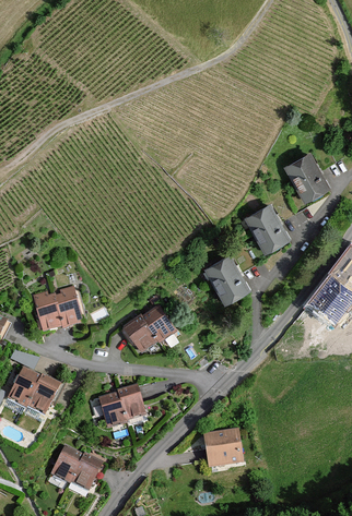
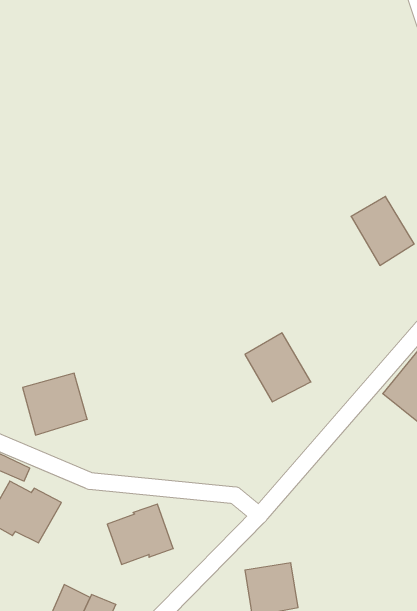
building: [243,202,292,254] -> none
building: [121,303,177,351] -> none

